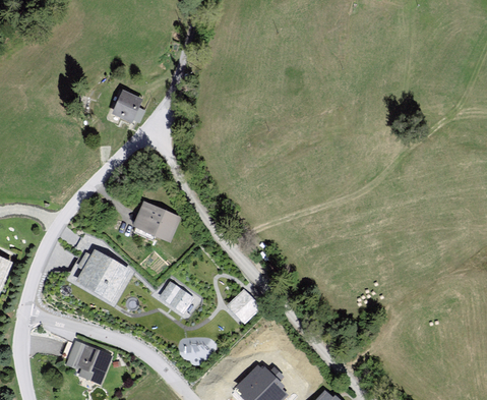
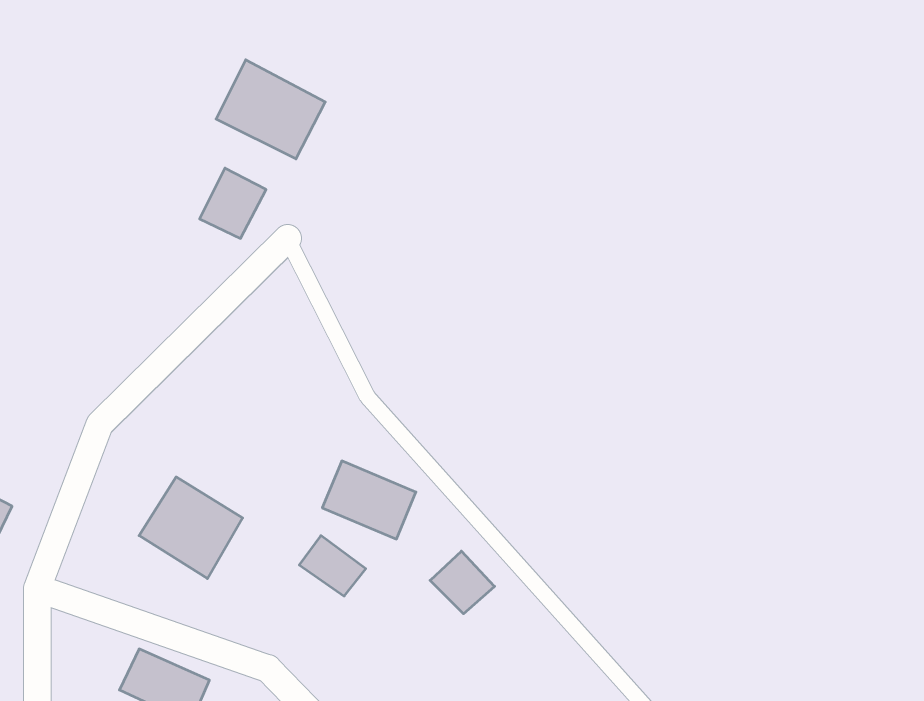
building: none -> [216,60,325,159]
building: [132,201,181,241] -> [322,461,416,539]

